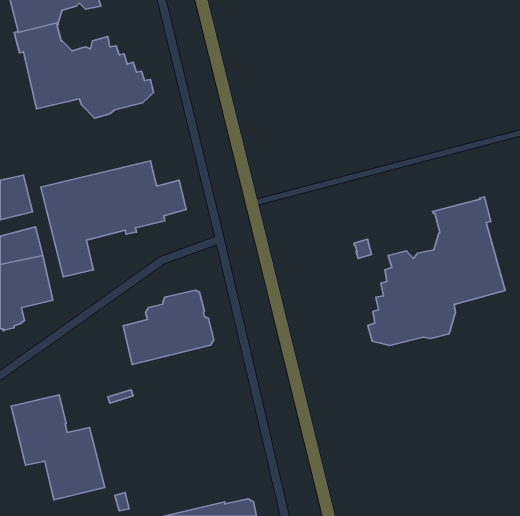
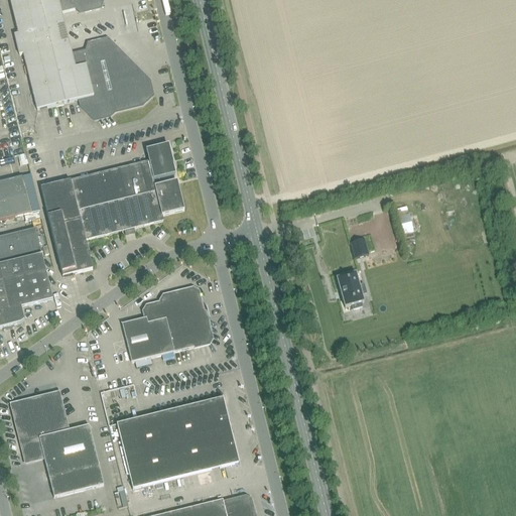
building: none -> [146,142,175,177]
building: [368,197,505,346] -> none
building: none -> [337,271,366,306]
building: none -> [116,395,239,488]

